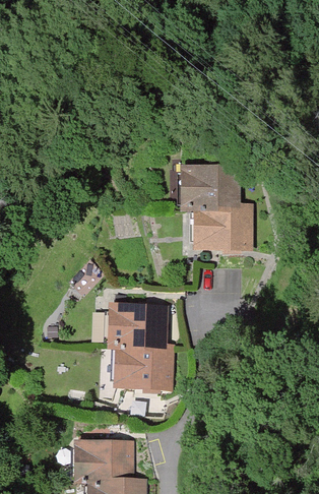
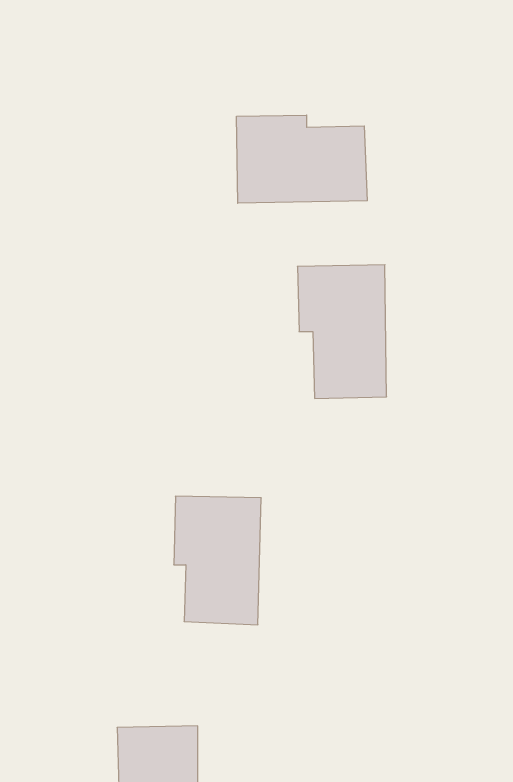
building: none -> [237,115,367,203]

